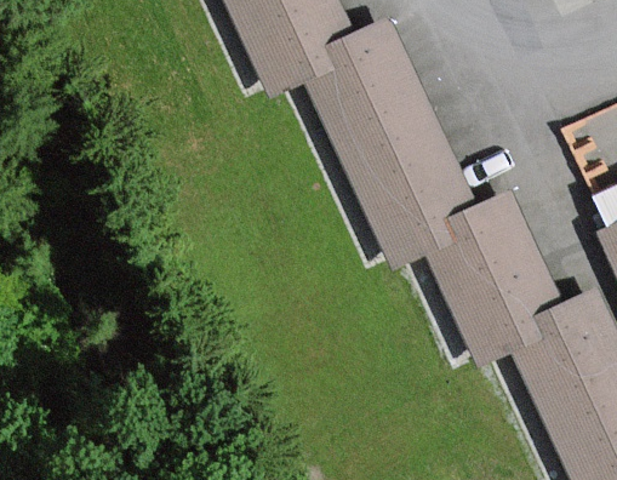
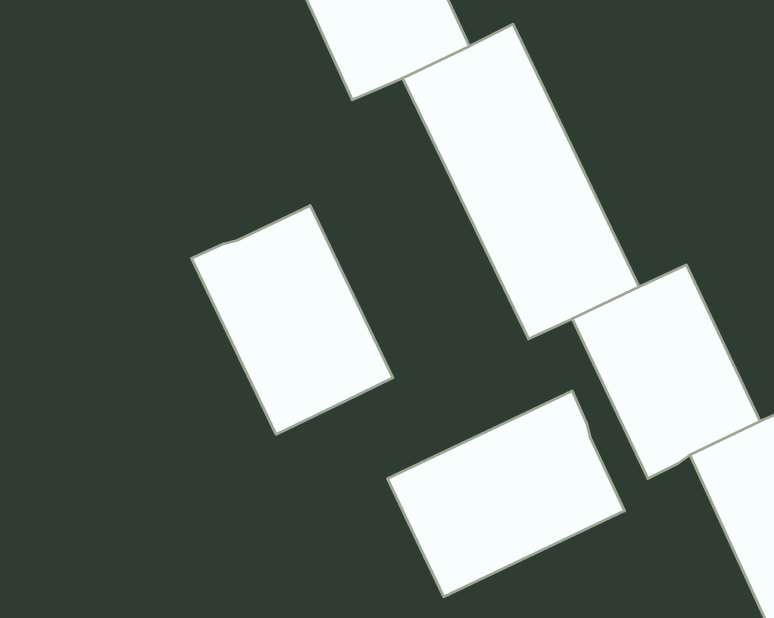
building: none -> [192,205,393,434]
building: none -> [388,391,625,597]

